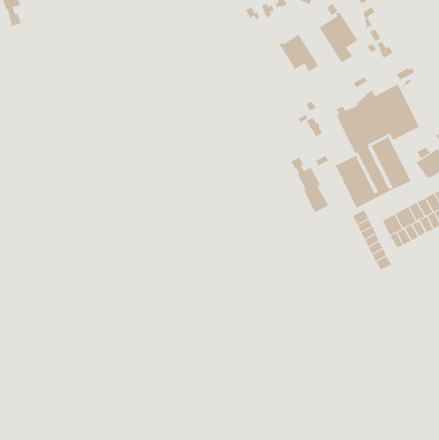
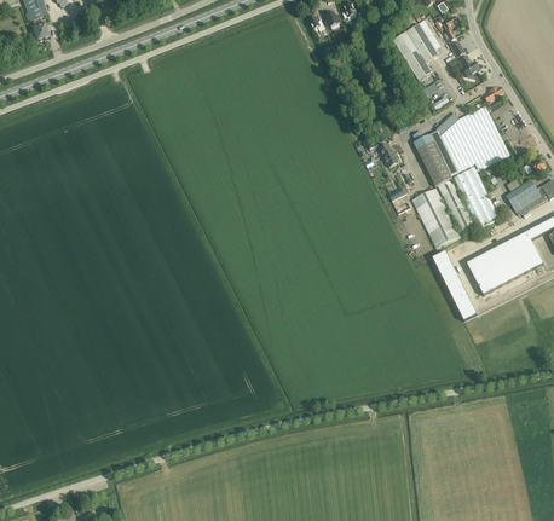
building: [279,34,319,72] -> none
building: [290,157,329,213] -> none

